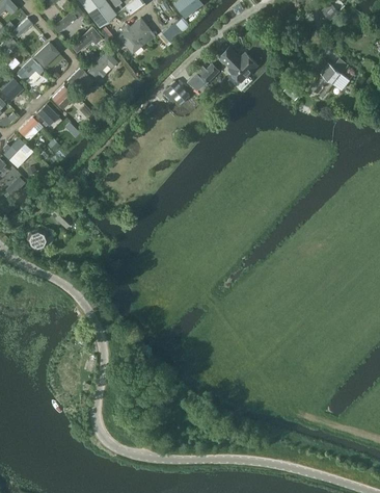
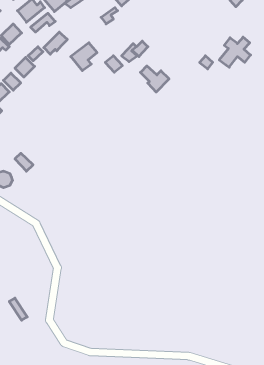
building: [118,17,152,52] -> [71,43,97,71]
building: [220,48,256,81] -> [140,66,169,92]

